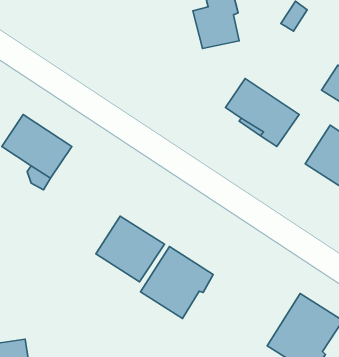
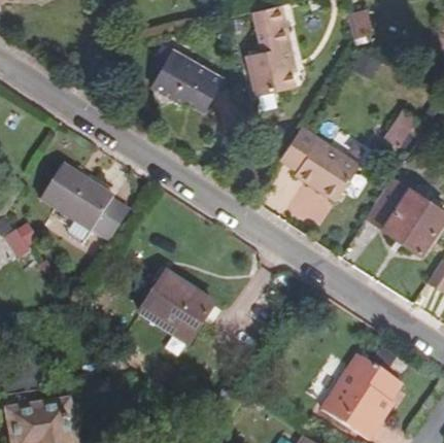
building: none -> [152,48,221,110]
building: [141,247,213,318] -> none

